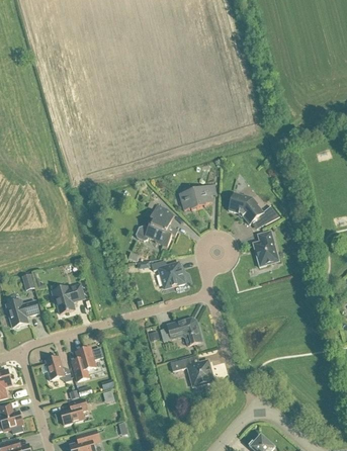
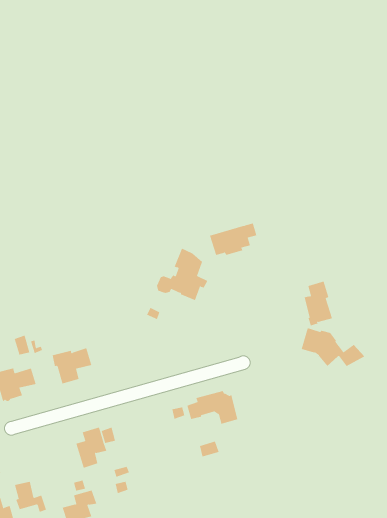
building: [228,192,279,223] -> [301,328,365,367]
building: [151,259,185,287] -> none
building: [46,356,72,381] -> [14,481,47,513]
building: [187,360,212,385] -> none

